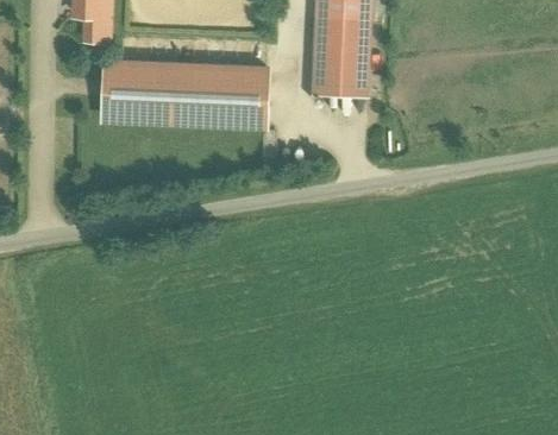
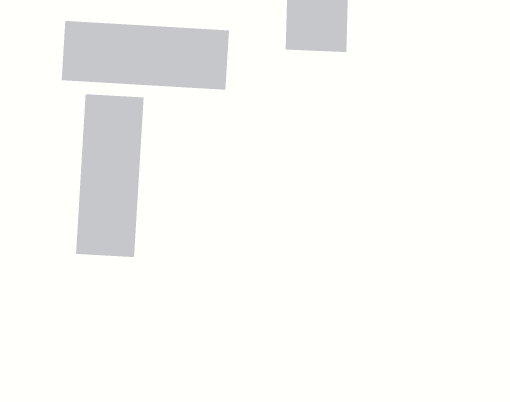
building: none -> [76,94,144,258]

